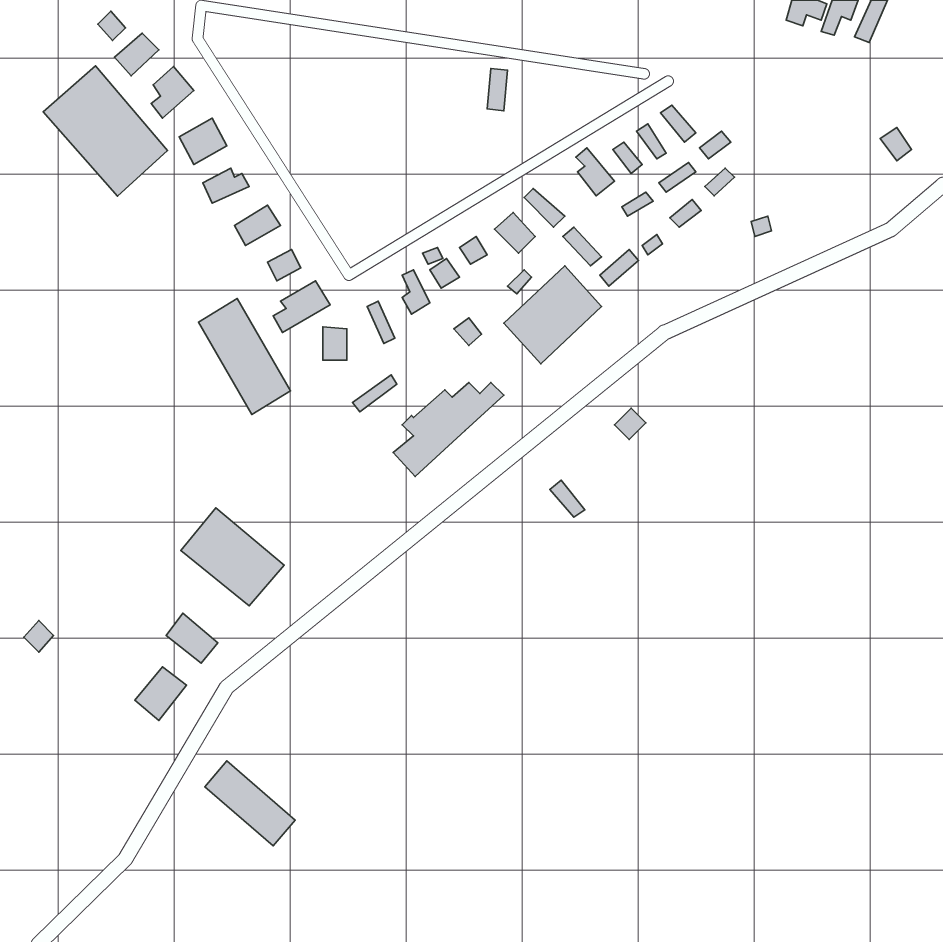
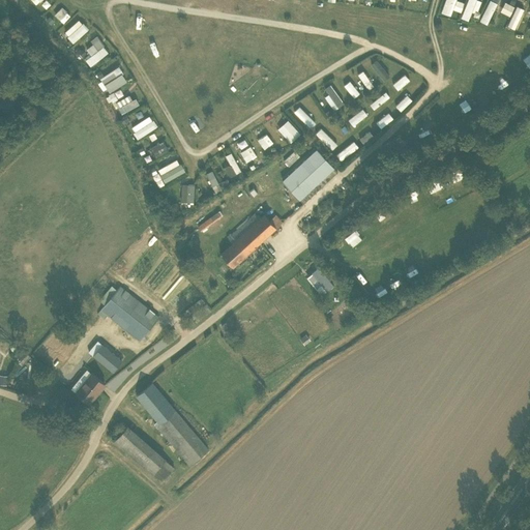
building: [43,66,168,196] -> none
building: [199,298,290,414] -> none
building: none -> [136,383,208,466]

